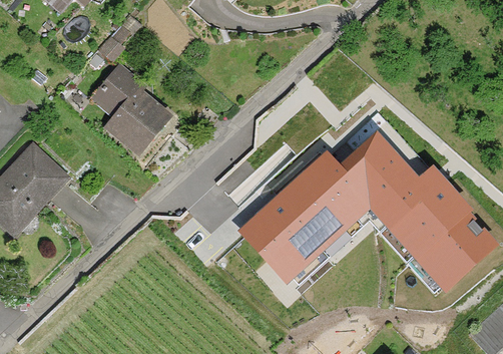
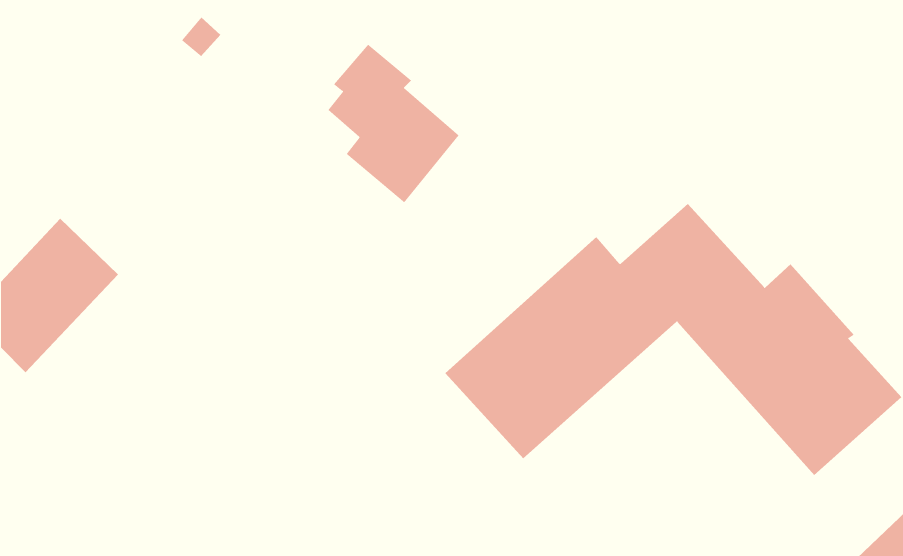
building: [97,66,169,153] -> [328,44,459,203]

